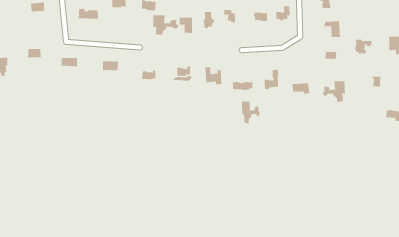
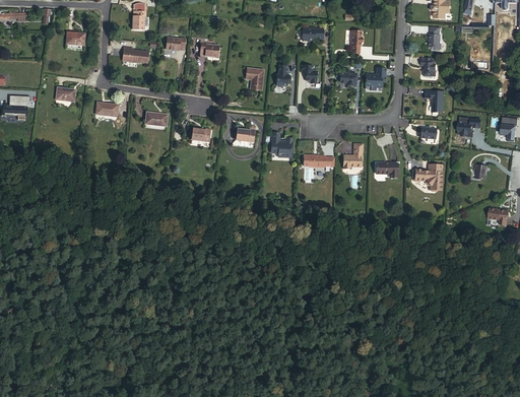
building: [153,15,179,36] -> none
building: [241,101,260,124] -> none

